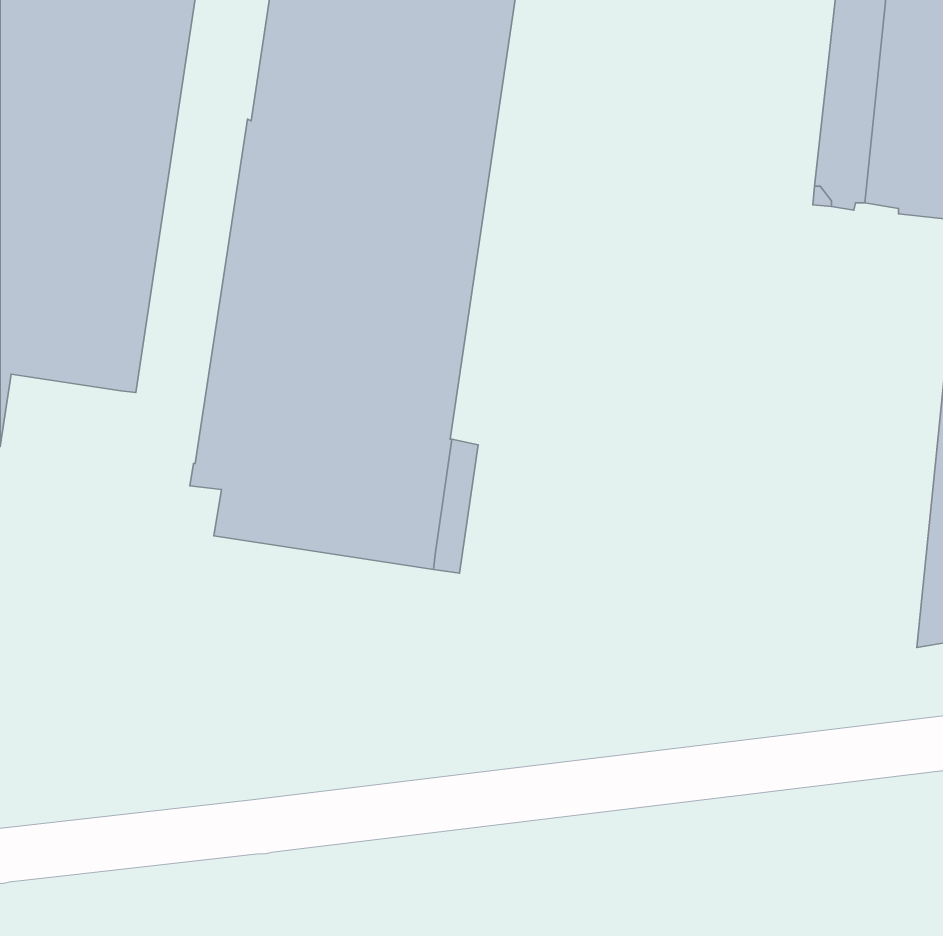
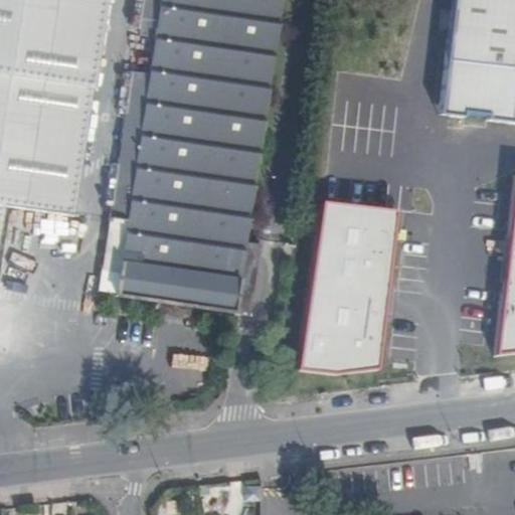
building: none -> [299,200,398,369]

